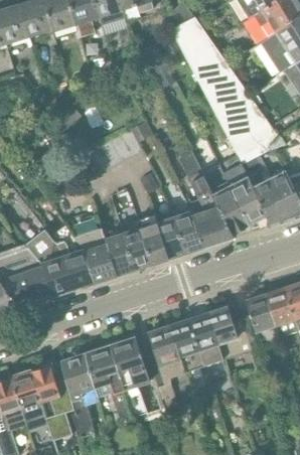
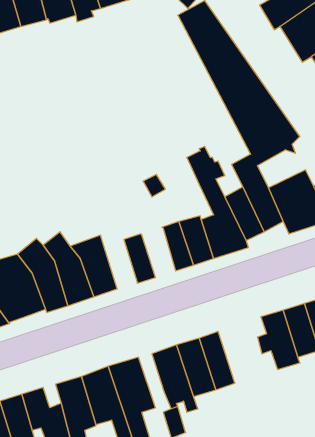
building: [138,220,168,265] -> none
building: [104,231,134,275] -> none
building: [206,307,238,365] -> none

